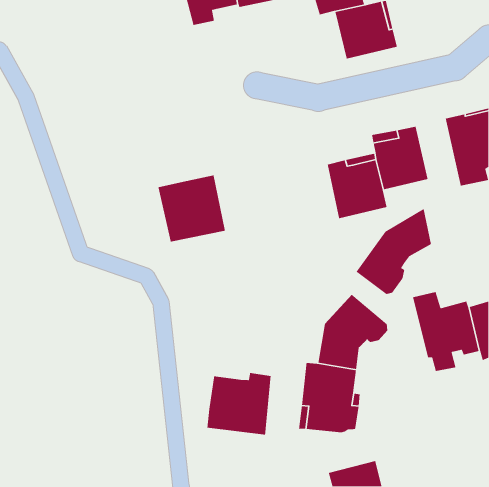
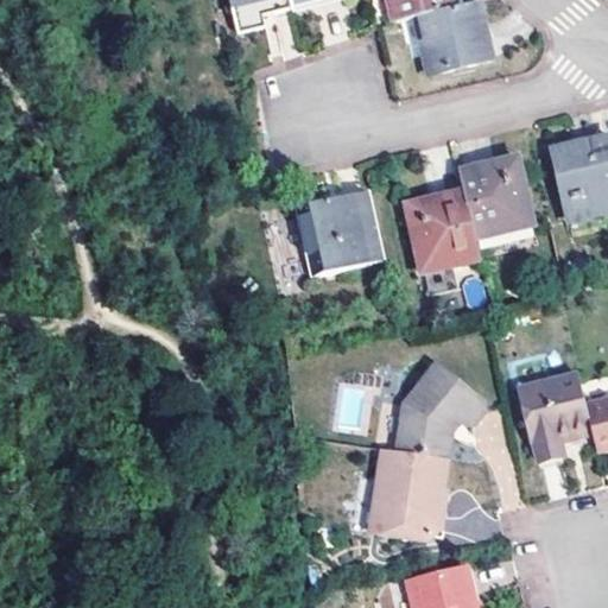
building: [158,174,226,243] -> [296,189,380,273]
building: [356,208,432,295] -> none
building: [207,372,272,435] -> none

